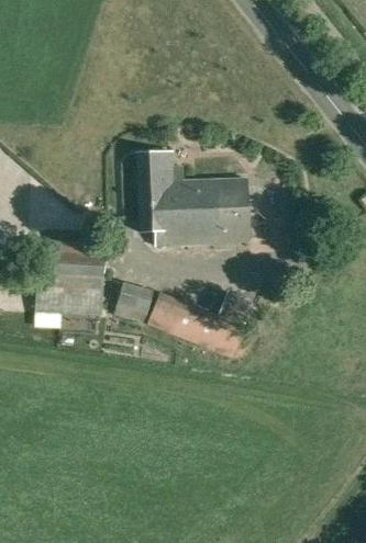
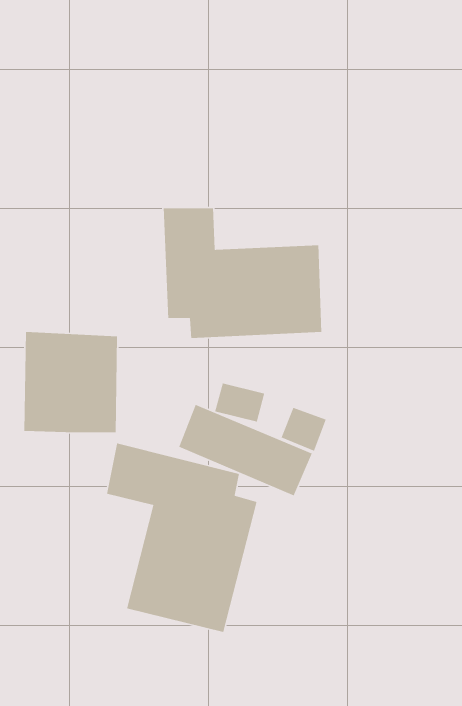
building: [118,282,154,310] -> [214,382,265,423]
building: none -> [106,443,258,633]

